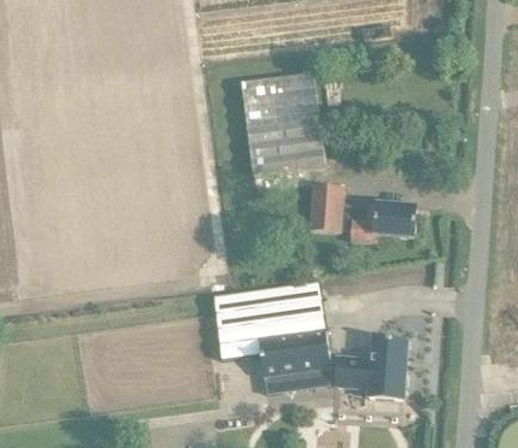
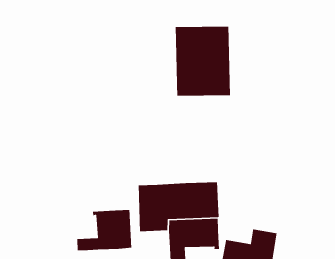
building: [307,184,414,242] -> none
building: none -> [77,209,132,251]

